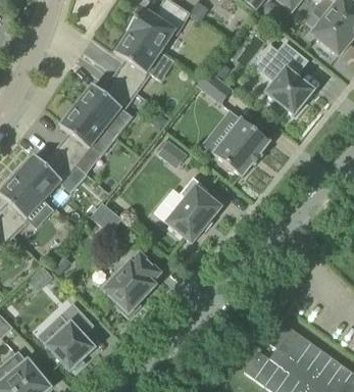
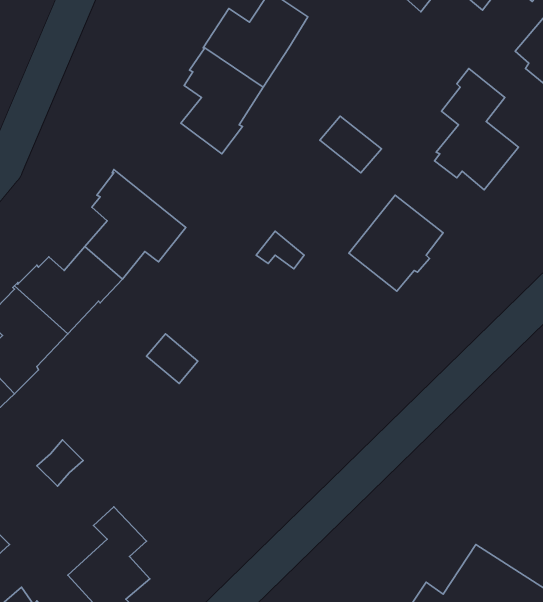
building: [72,76,137,138] -> none
building: [165,177,219,243] -> none
building: [103,253,158,317] -> none

